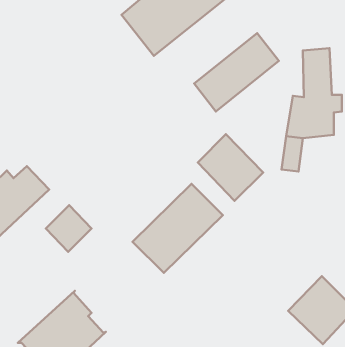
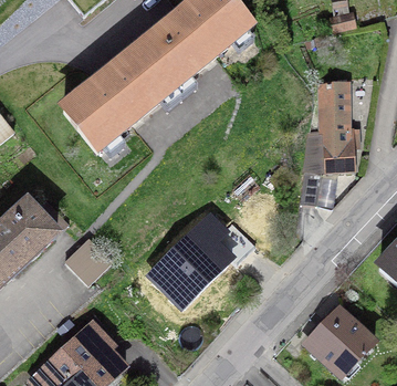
building: none -> [63,48,173,150]
building: [194,33,279,111] -> none
building: [198,134,263,201] -> none

